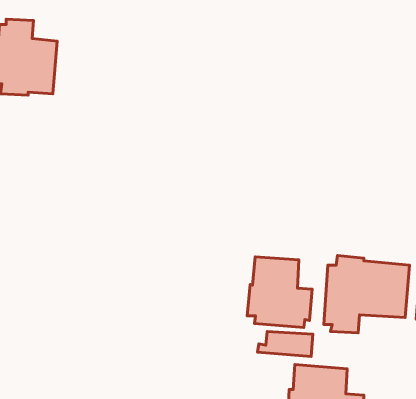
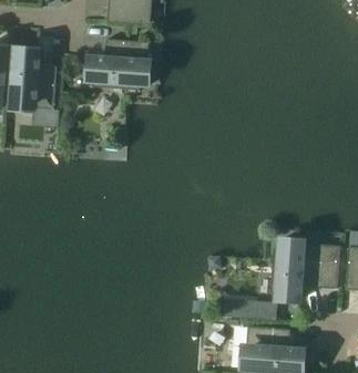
building: none -> [88,38,150,89]
building: [247,257,312,327] -> none

